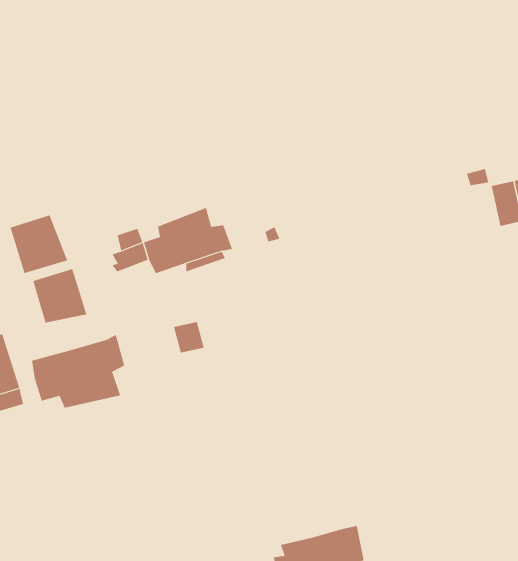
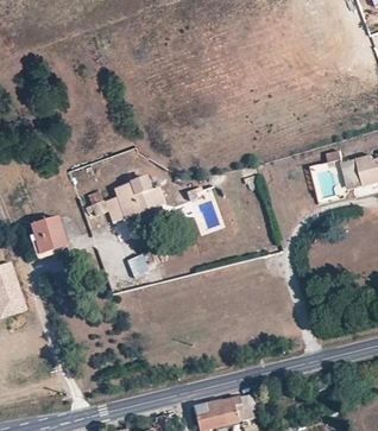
building: [10,214,68,274] -> none
building: [32,334,125,409] -> none

